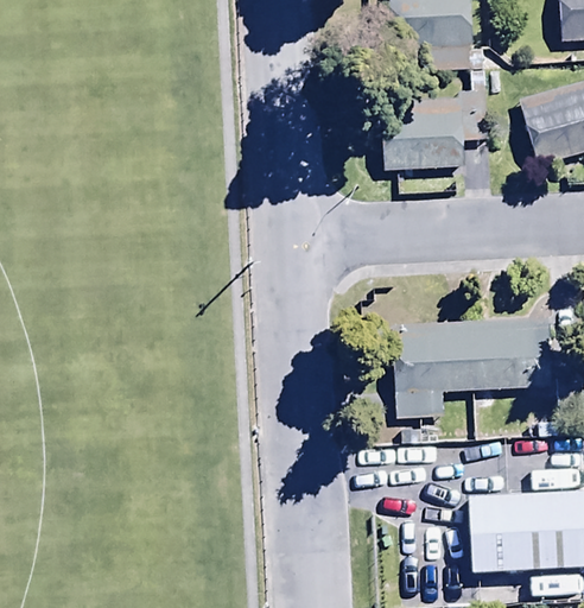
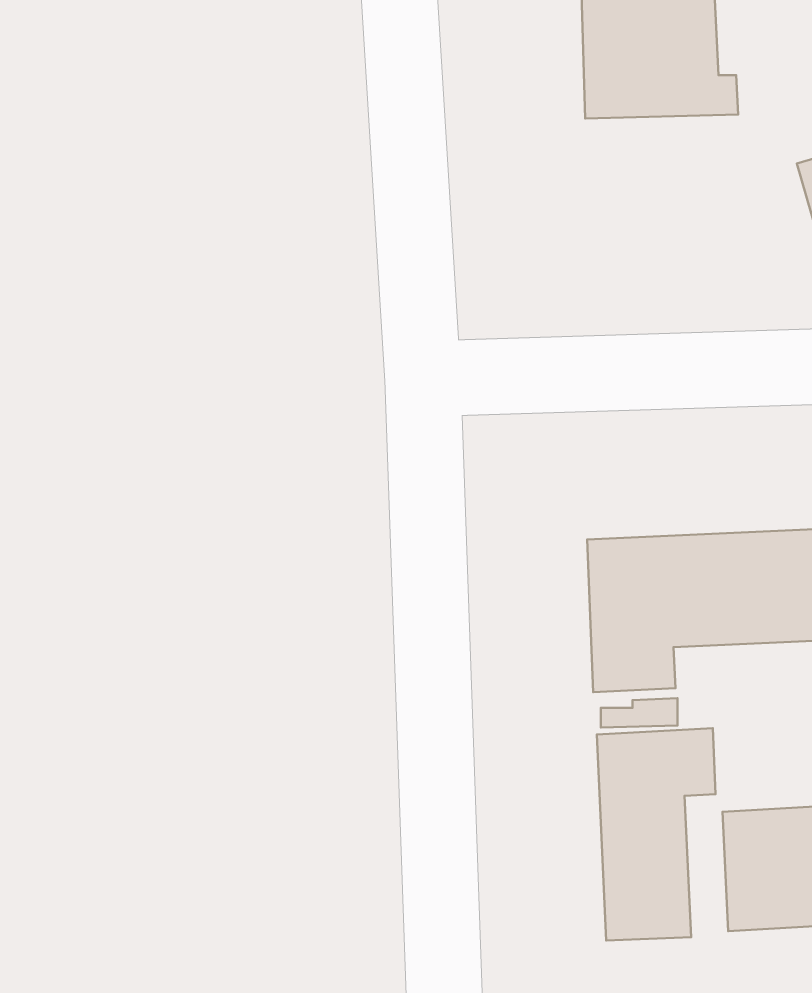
building: [380,91,489,172] -> none
building: none -> [597,728,716,940]

